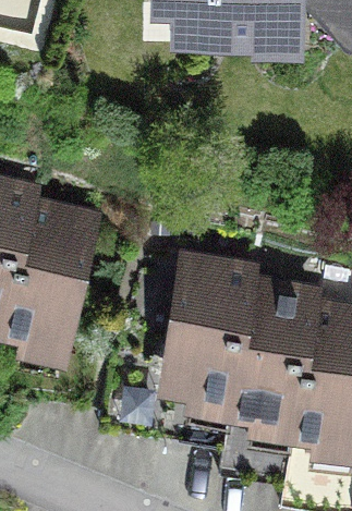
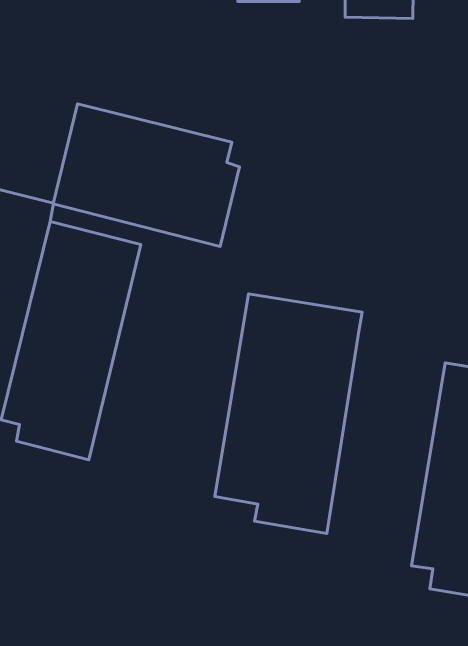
building: none -> [53,104,240,247]
building: [235,273,321,441] -> none

